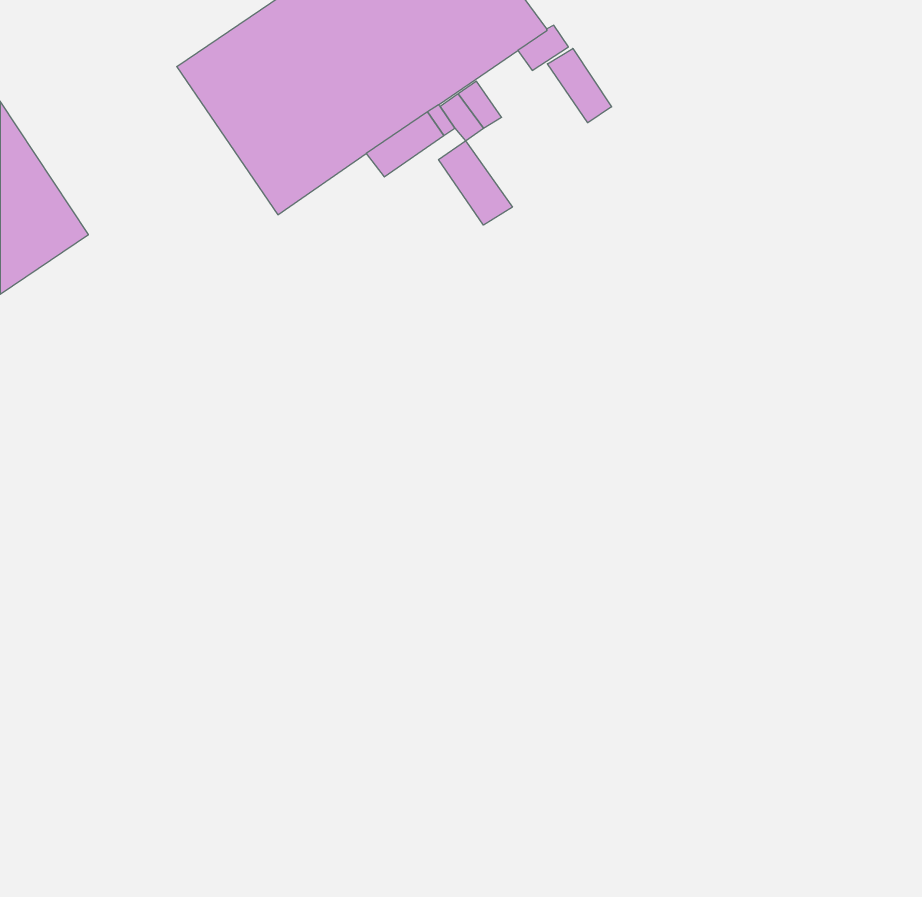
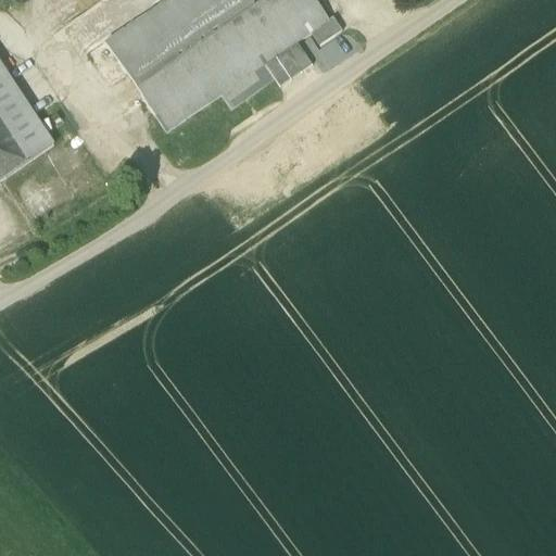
building: [547,48,612,123] -> none
building: [439,141,512,225] -> none

